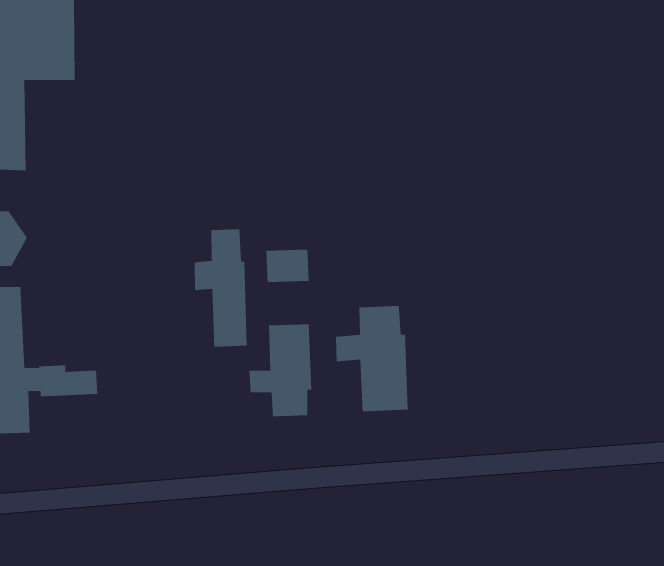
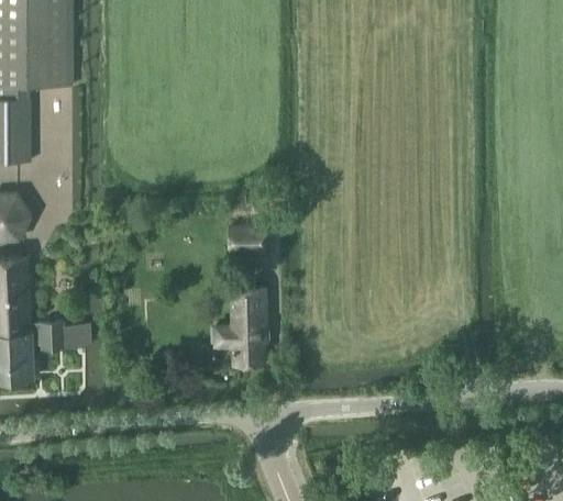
building: [194,229,247,347] -> none
building: [336,305,408,412] -> none

